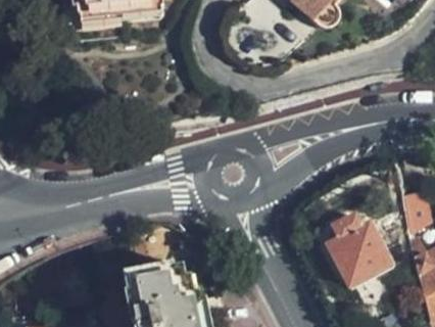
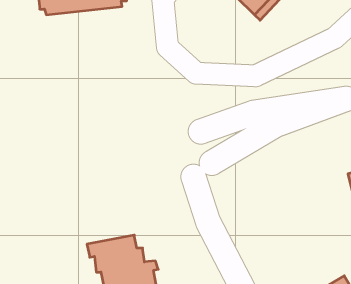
building: [328,215,389,285] -> none

